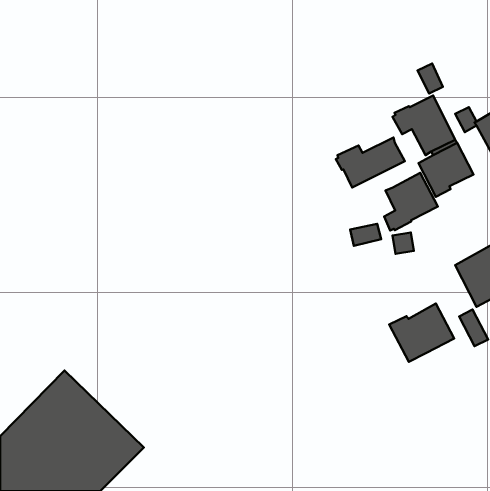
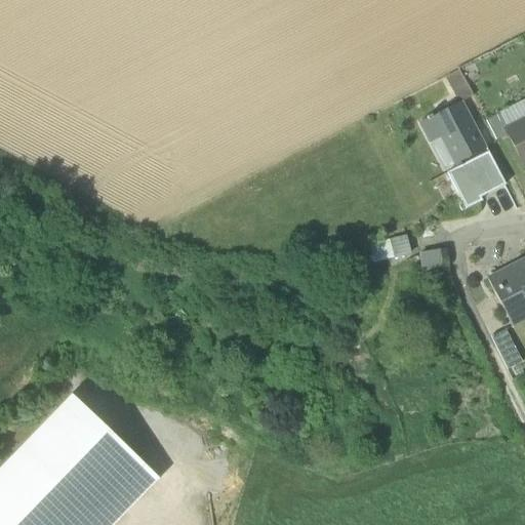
building: [336,138,405,187] -> none
building: [384,173,438,230] -> none
building: [389,303,454,362] -> none

